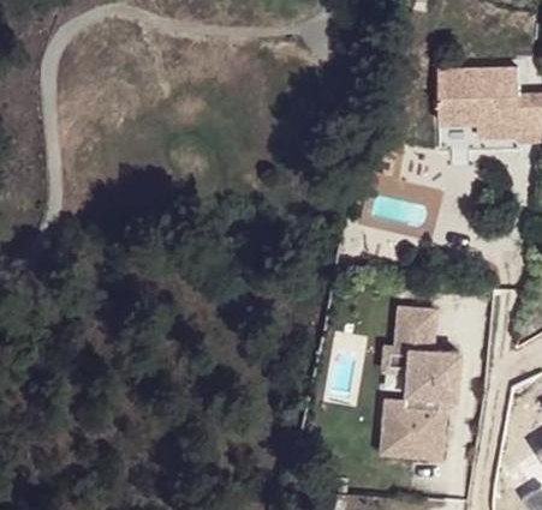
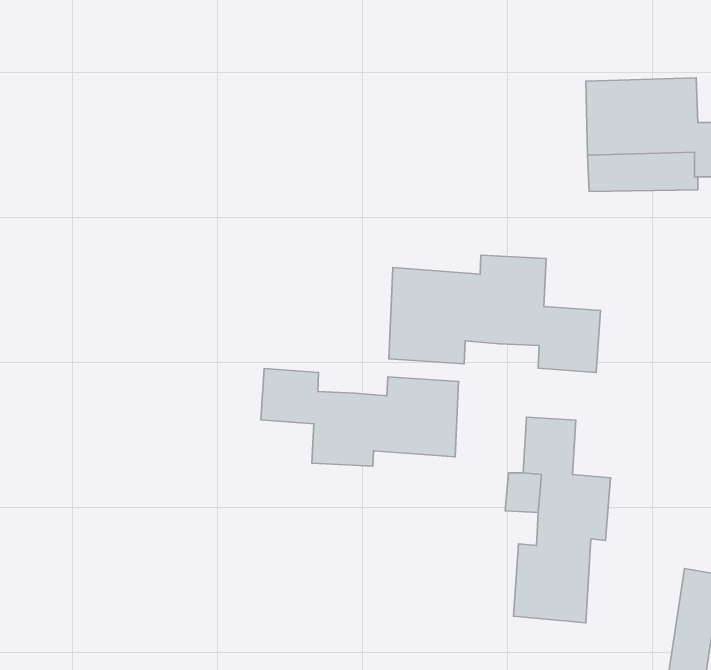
building: none -> [389,255,600,373]
building: none -> [261,369,458,466]

